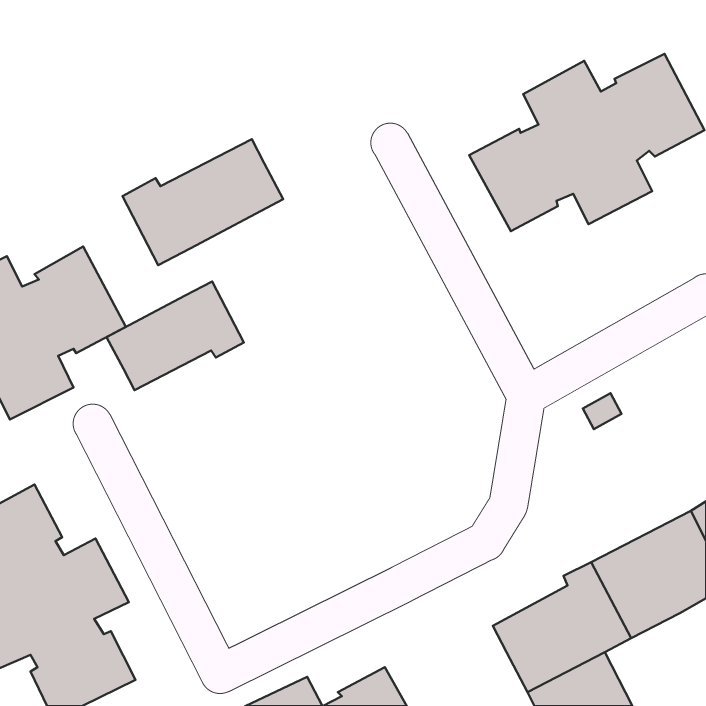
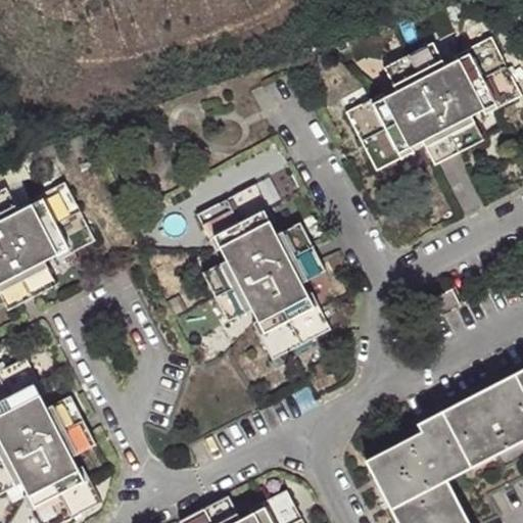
building: [122,139,283,265] -> none
building: none -> [197,186,330,360]
building: [106,281,244,390] -> none

